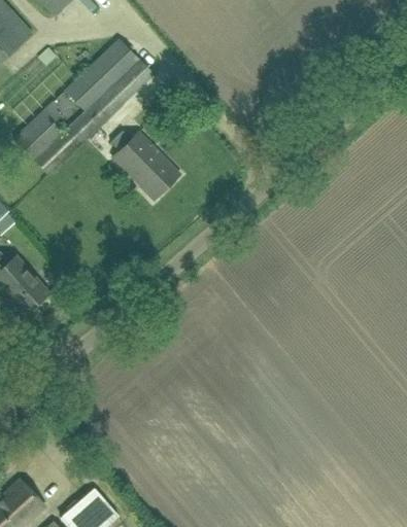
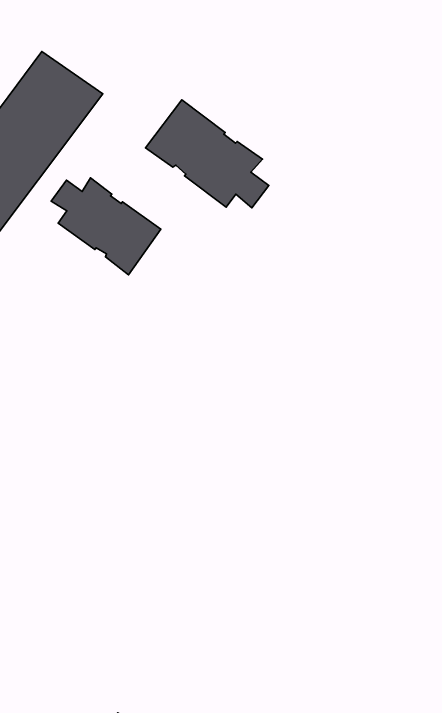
building: none -> [145,100,269,208]

